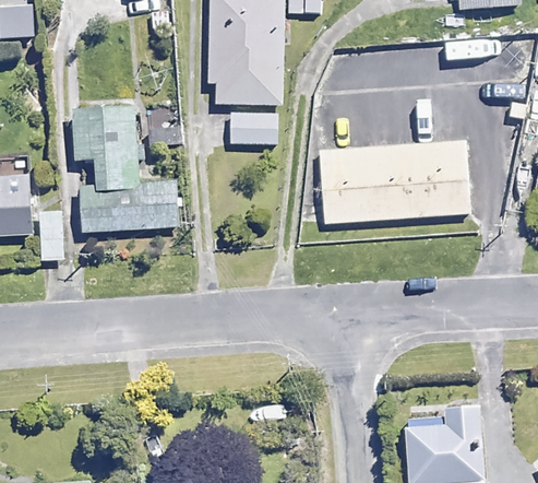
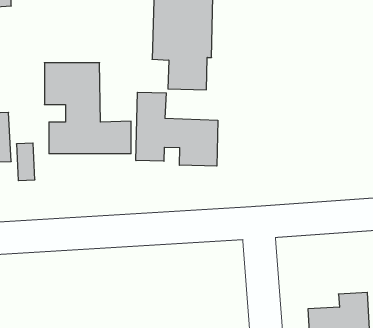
building: [318,141,471,225] -> none
building: none -> [136,92,218,166]

